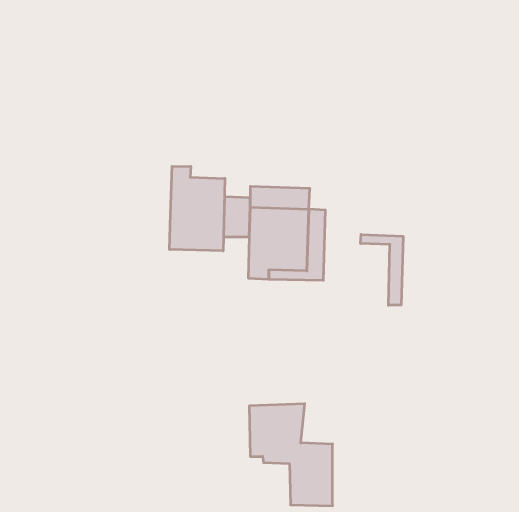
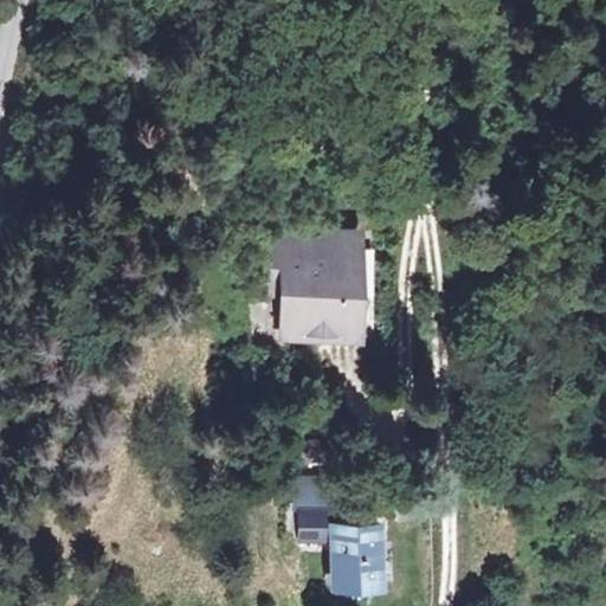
building: [170,166,225,251] -> none
building: [361,234,403,305] -> none

